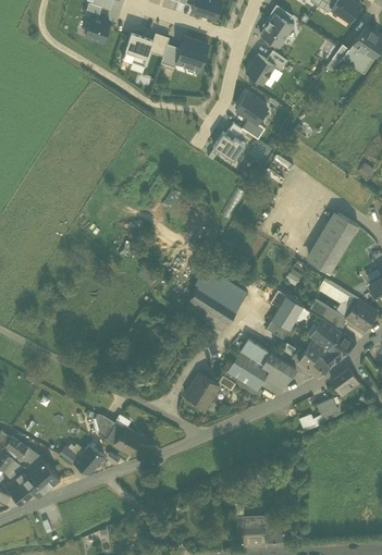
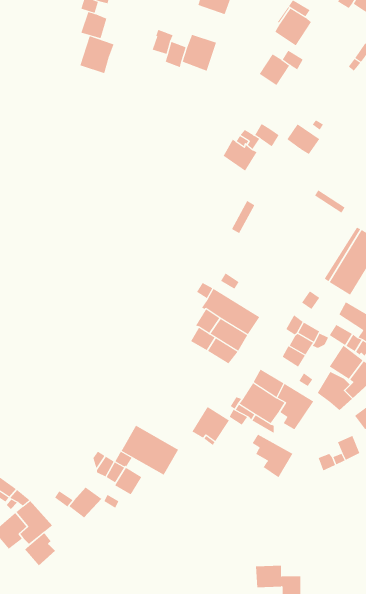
building: [122,32,153,66] -> [79,35,114,74]
building: [236,95,267,123] -> [286,123,320,155]
building: none -> [121,425,179,476]
building: none -> [252,434,293,478]
building: none -> [24,532,56,566]

